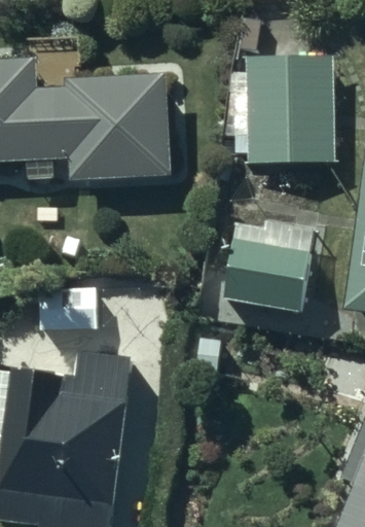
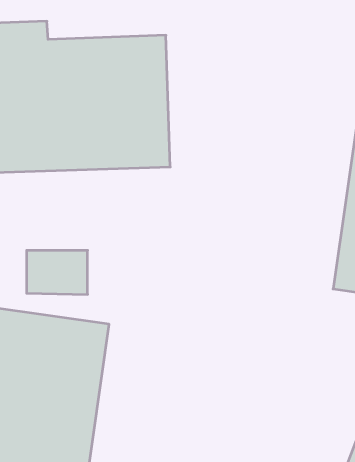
building: [252,63,341,169] -> none
building: [218,231,317,318] -> none

